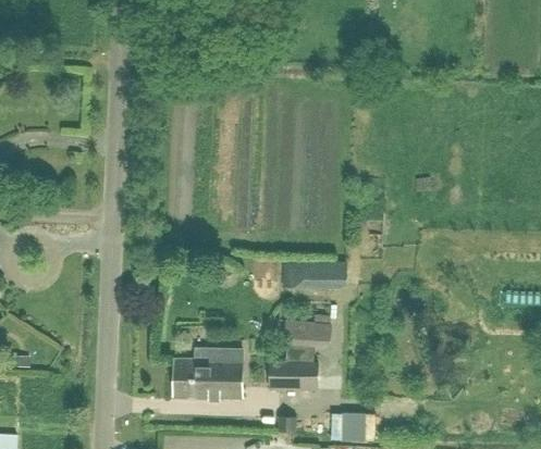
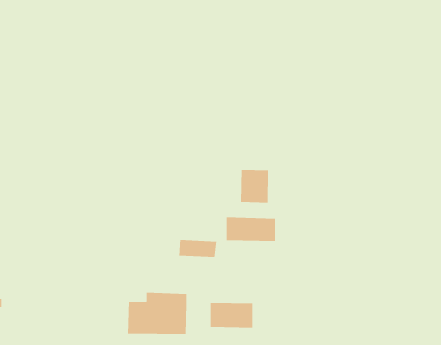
building: none -> [240,169,269,204]
building: [285,322,330,344] -> [179,239,217,258]

